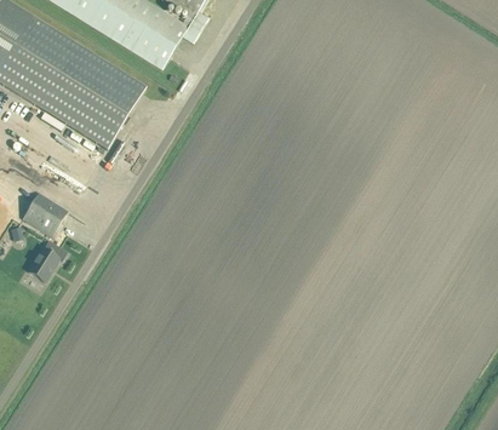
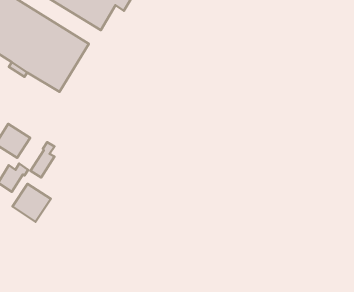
building: none -> [30,142,55,177]
building: none -> [12,184,51,222]

